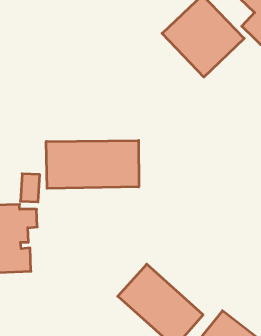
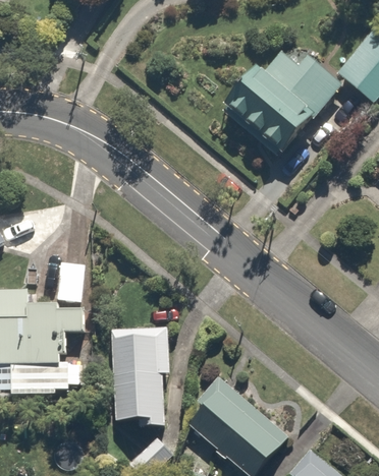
building: [46,140,139,188] -> none
building: none -> [109,328,171,422]

